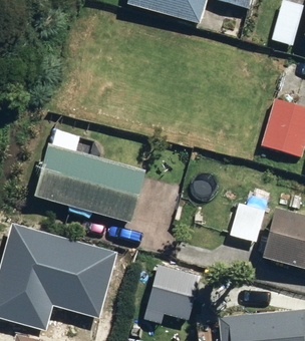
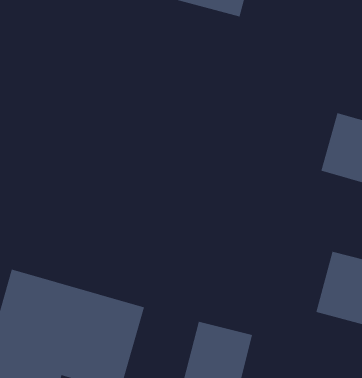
building: [31,145,144,224] -> none

